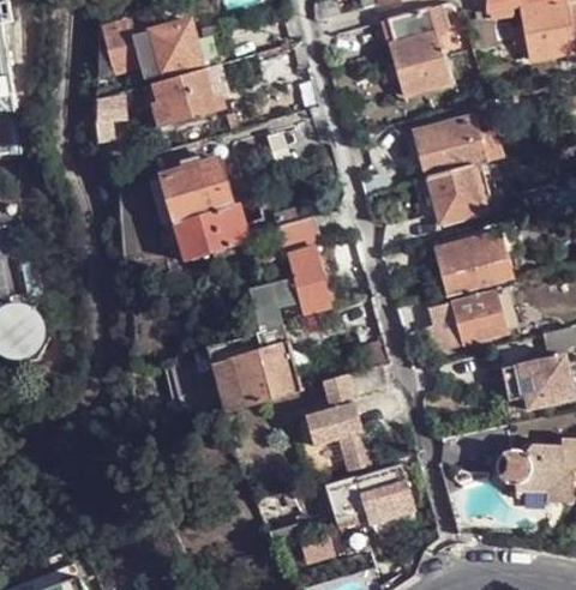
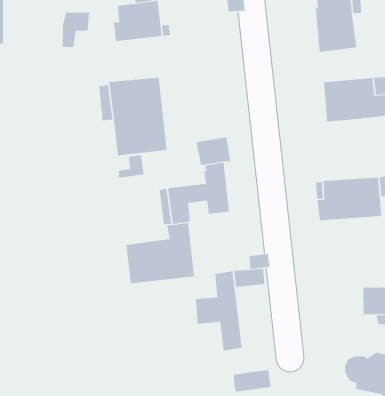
building: [414,167,484,225] -> none
building: [433,290,505,350] -> none
building: [325,462,407,518] -> none

